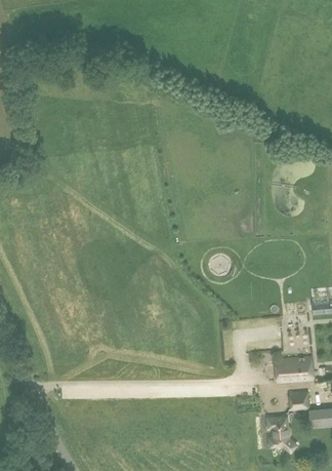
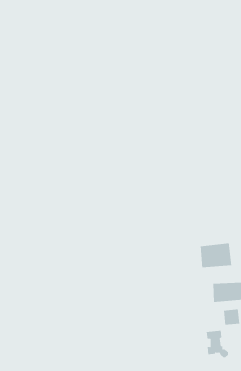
building: none -> [200,242,232,268]

